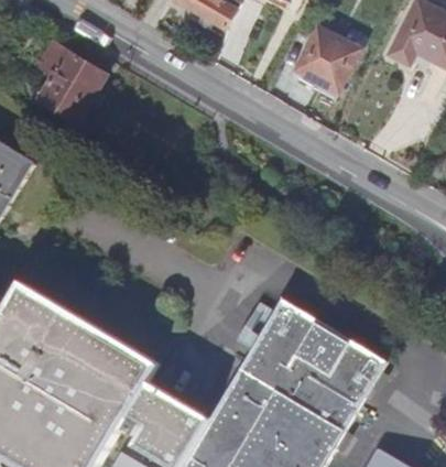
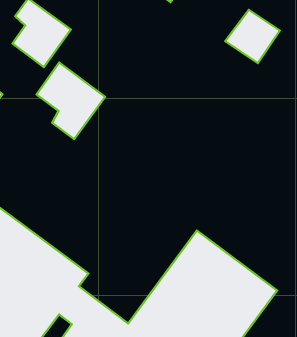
building: none -> [36,63,105,139]

